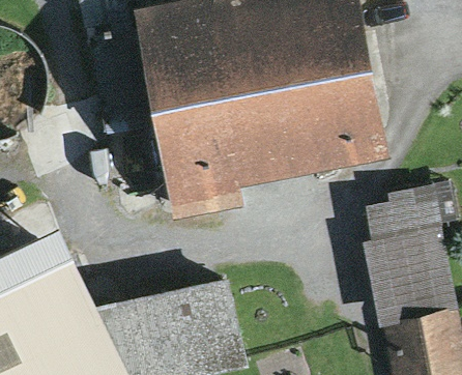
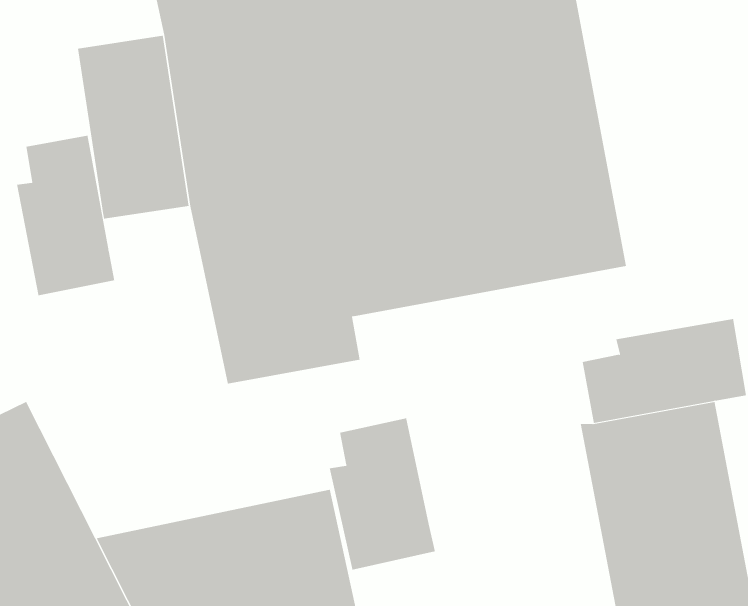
building: none -> [16,135,115,296]
building: none -> [329,418,435,571]

